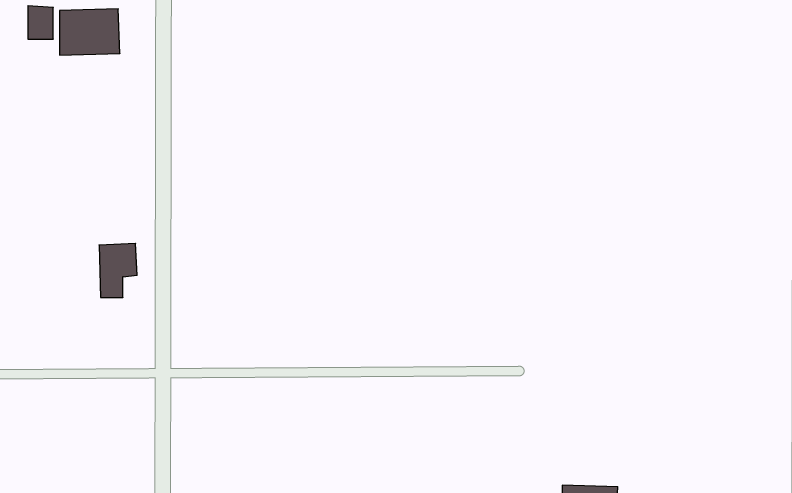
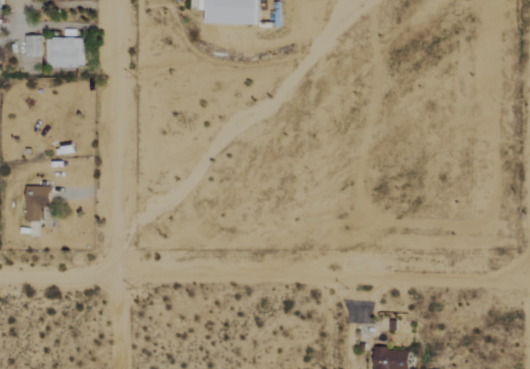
building: [99,243,137,297] -> [25,186,50,221]

